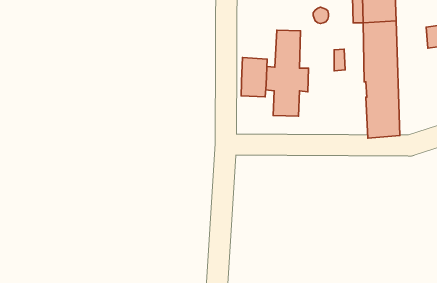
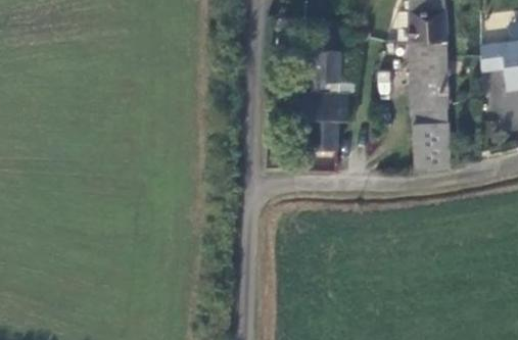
building: [241,58,267,97] -> none

